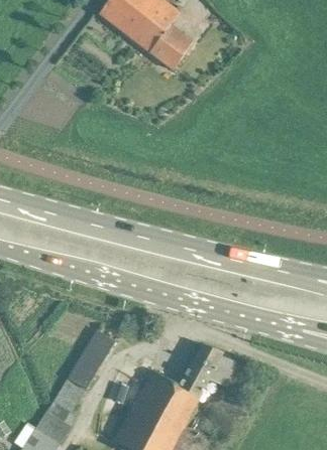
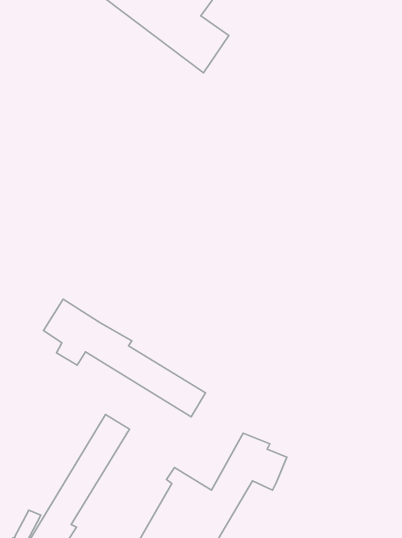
building: none -> [44,299,206,417]

